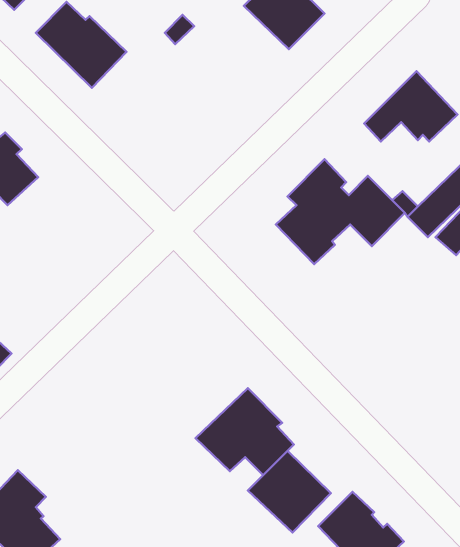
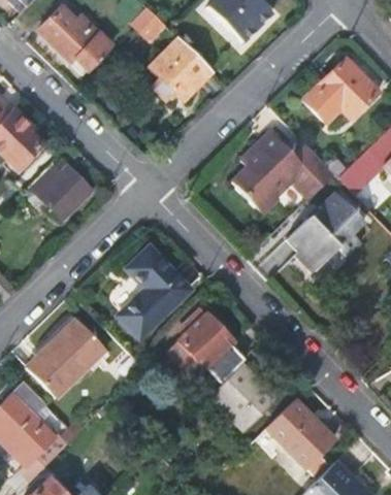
building: none -> [154,37,214,99]
building: none -> [32,160,96,220]
building: none -> [286,193,365,274]
building: none -> [118,245,191,337]
building: none -> [30,317,108,396]

